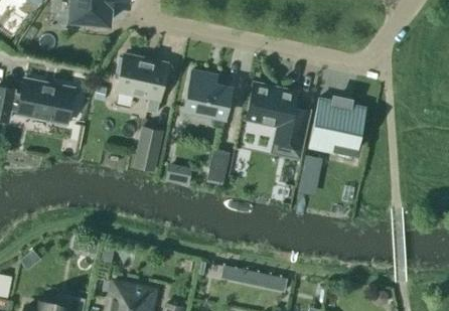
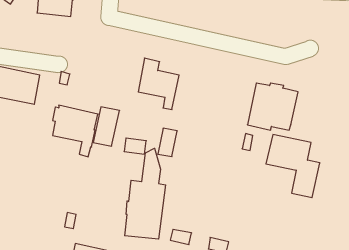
building: [116,55,167,114] -> [53,105,98,157]
building: [245,85,306,156] -> [266,135,320,198]
building: none -> [125,148,166,239]

